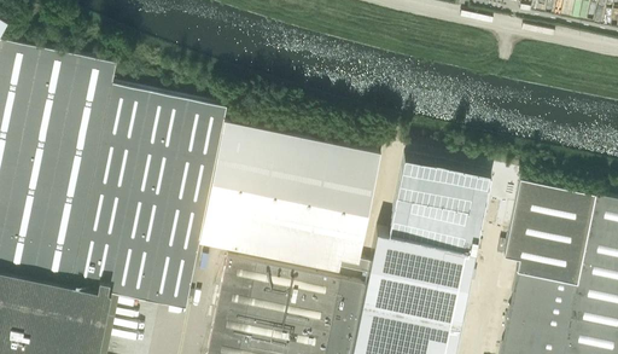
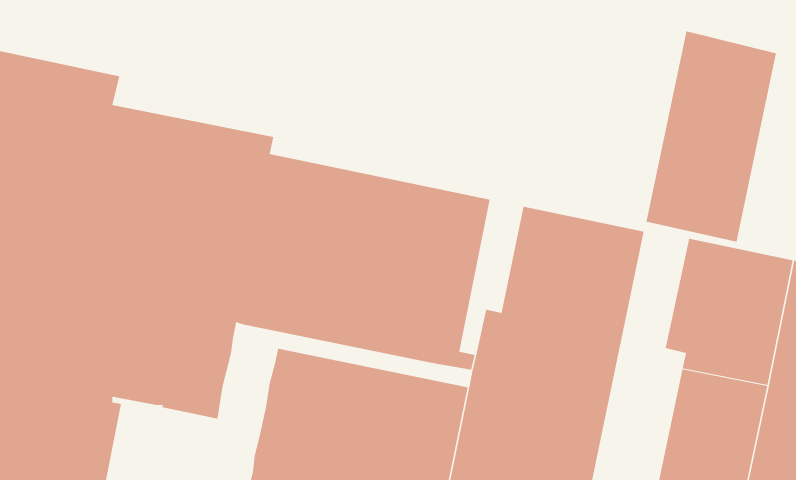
building: none -> [646,30,776,243]

